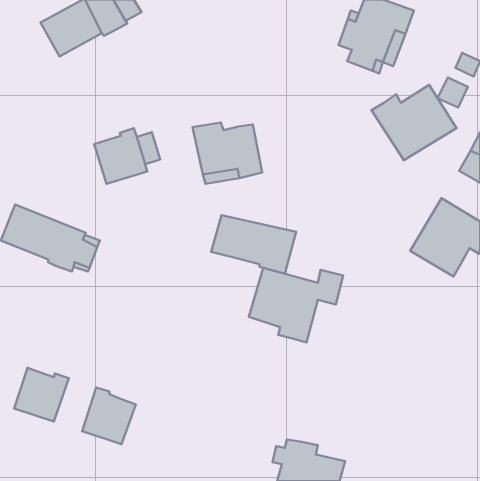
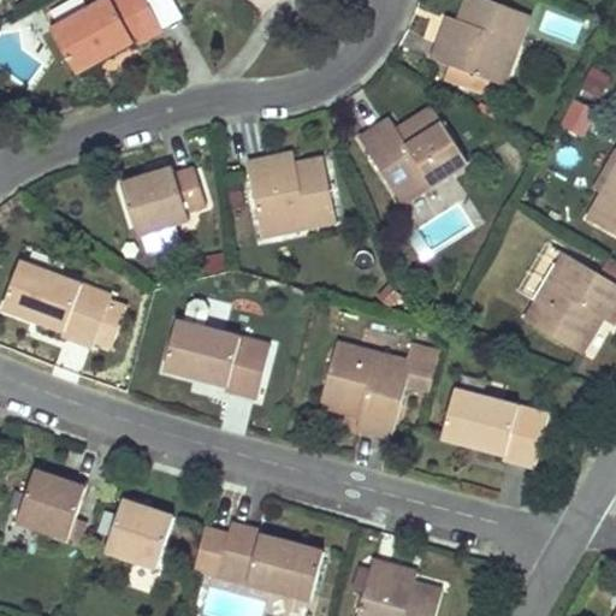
building: [372,85,457,160] -> [359,106,467,202]
building: [211,215,296,273] -> [162,322,271,397]
building: none -> [440,390,547,467]
building: none -> [192,522,322,599]

